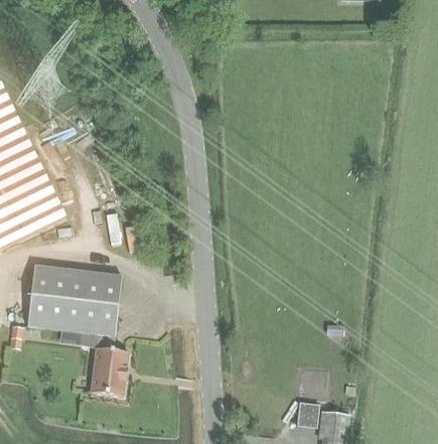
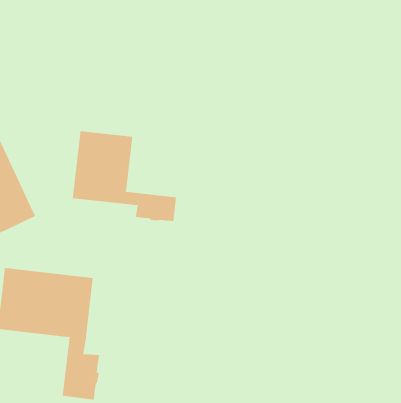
building: none -> [72,130,176,222]

